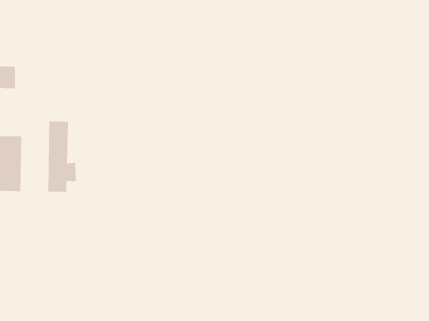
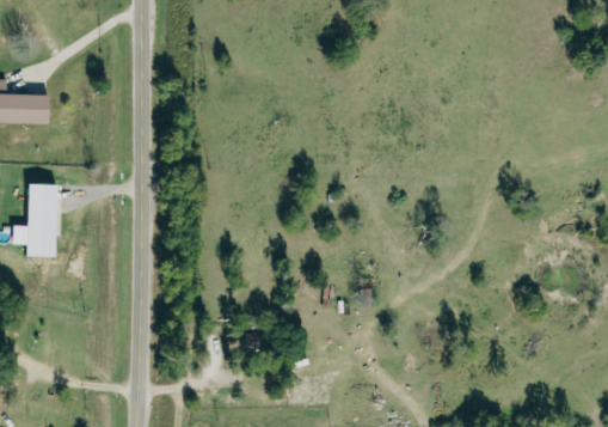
building: [48,121,76,193] -> none

